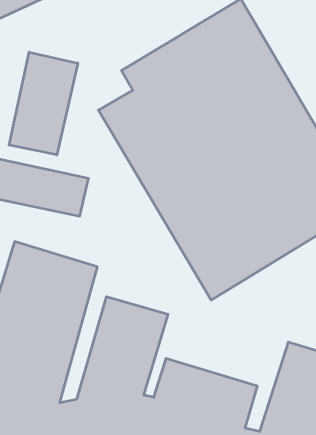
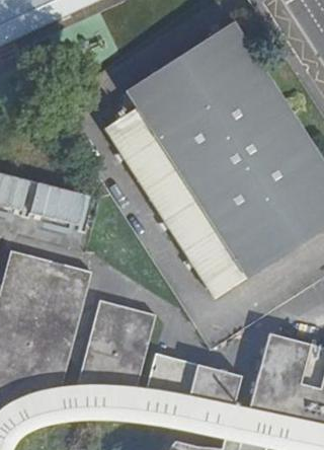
building: [9,52,78,155] -> none

